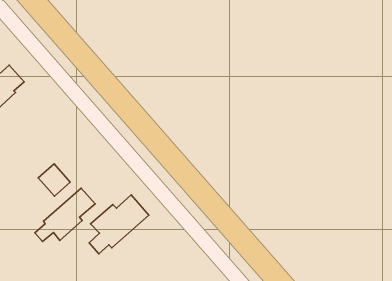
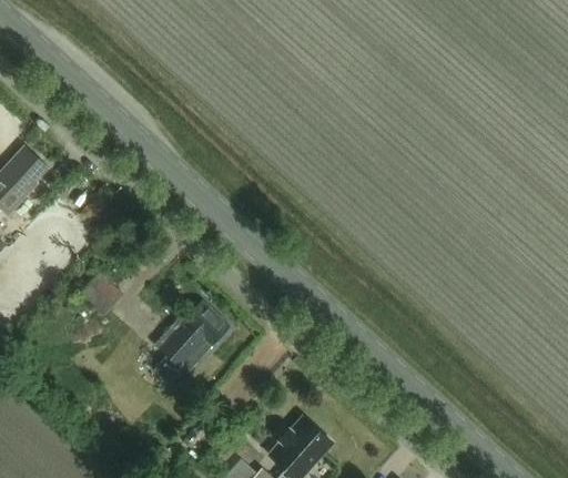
building: [35,188,95,242] -> none

